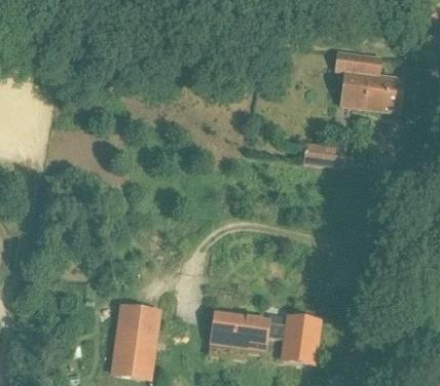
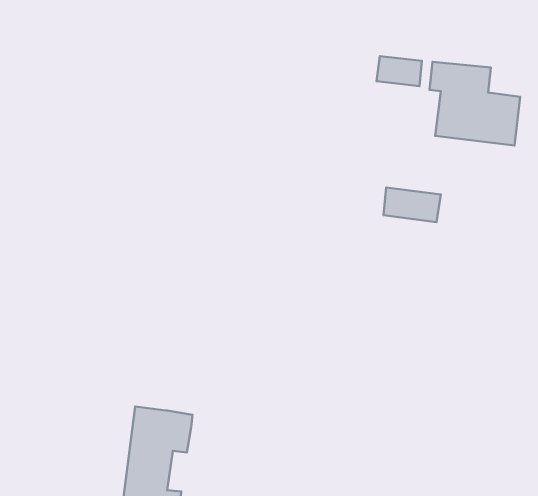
building: none -> [376,56,422,86]
building: [208,312,321,360] -> none

